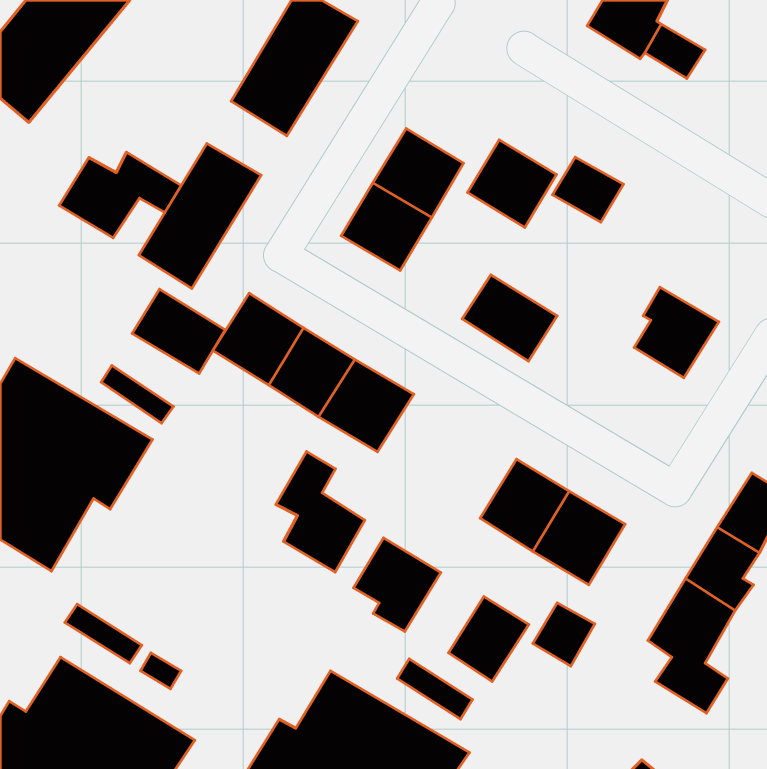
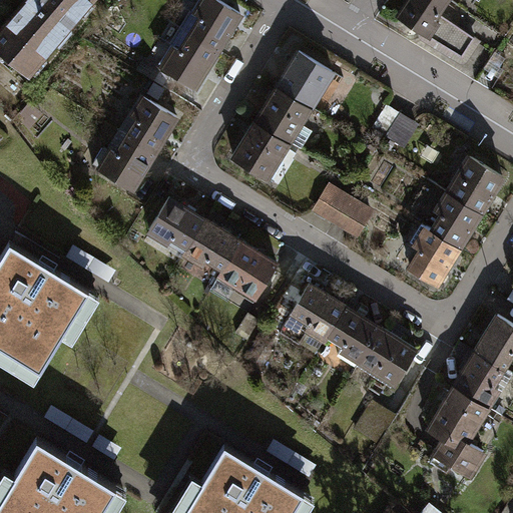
building: [467,140,557,227] -> [273,52,332,110]
building: [59,152,181,238] -> none
building: none -> [441,157,501,215]
building: [132,289,225,374] -> none
building: none -> [403,229,457,291]
building: [276,452,365,572] -> none
building: [353,538,441,632] -> [288,284,346,346]
building: [448,596,529,682] -> none

